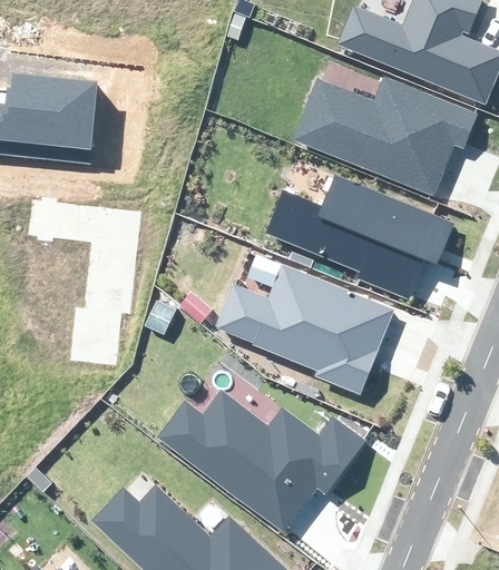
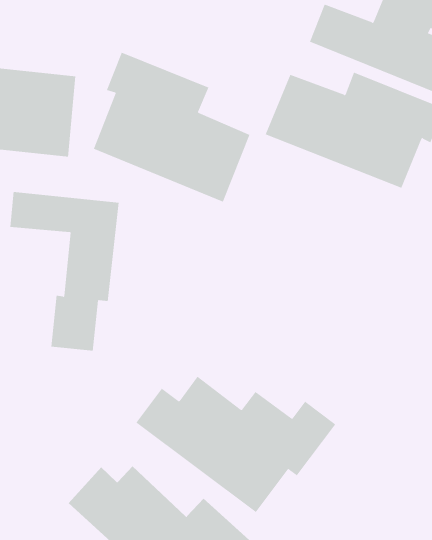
building: none -> [93,52,250,202]
building: [265,176,453,298] -> none
building: [216,264,395,395] -> none

